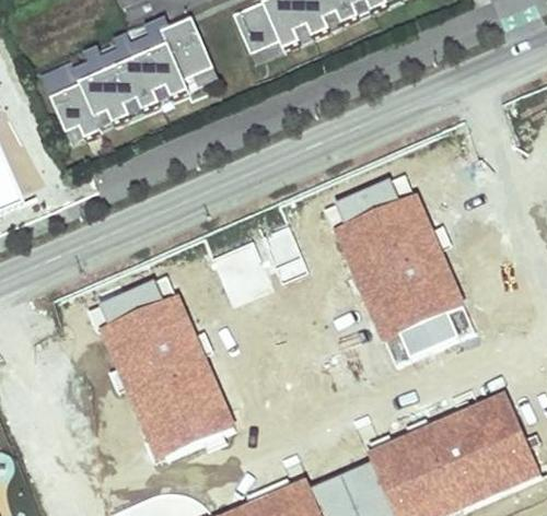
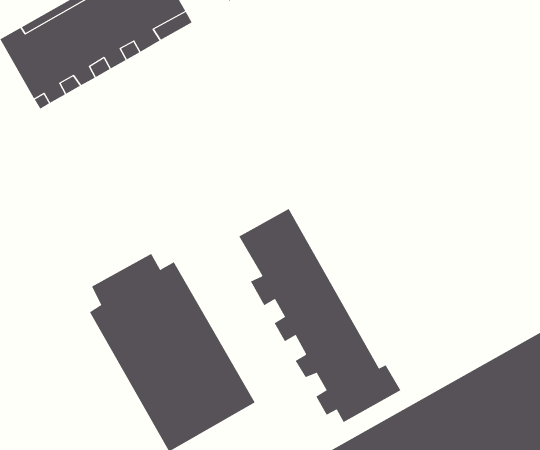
building: [336,179,476,366] -> none
building: none -> [239,208,401,423]

